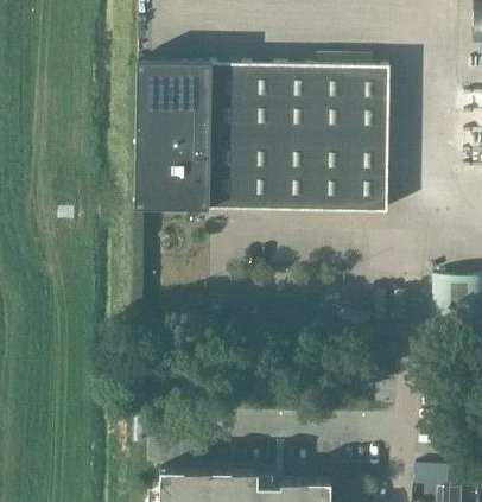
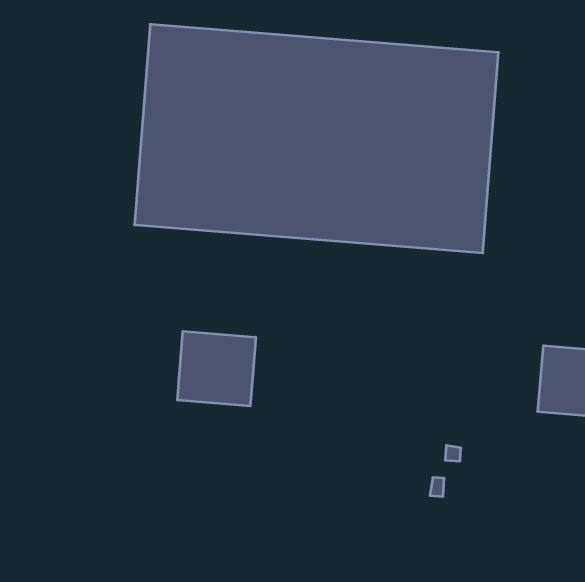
building: none -> [178,331,256,406]

